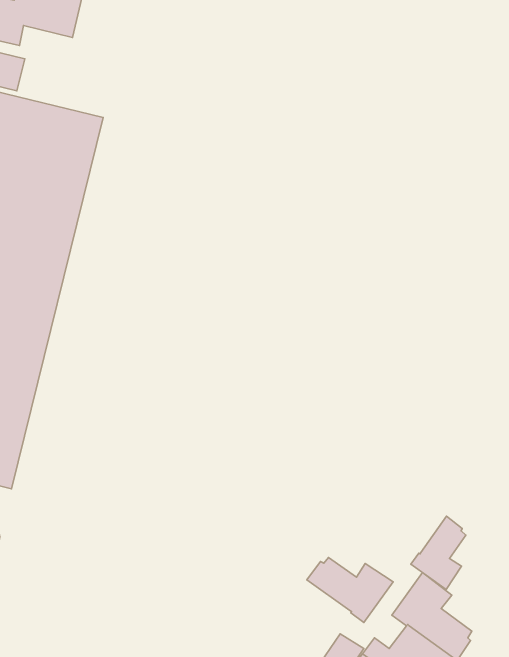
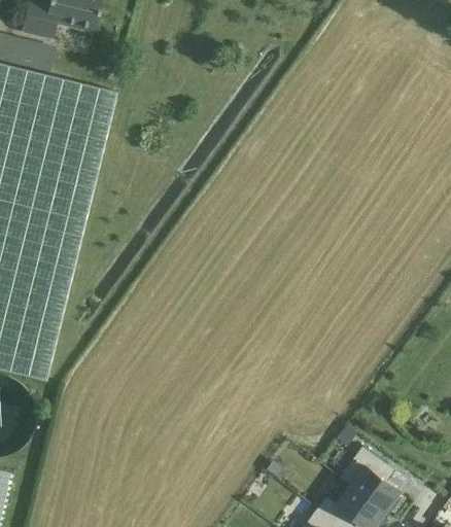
building: [411,516,466,589] -> none
building: [307,558,393,622] -> none

